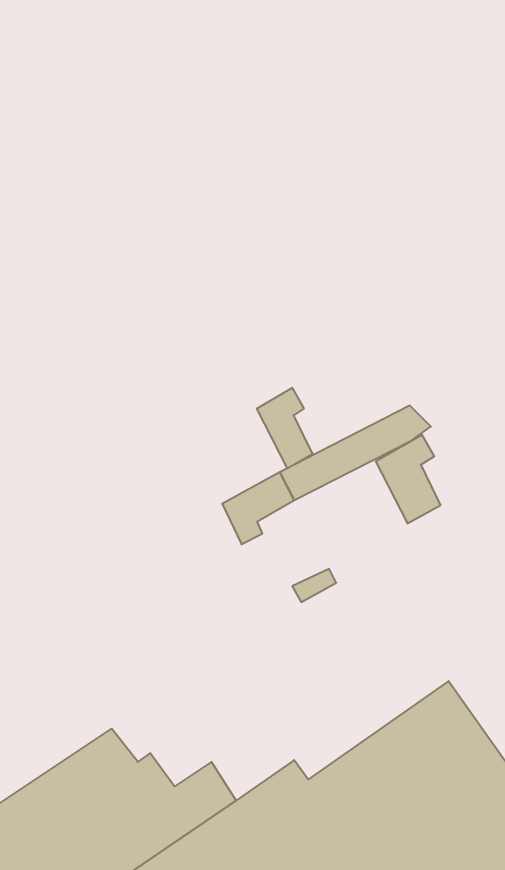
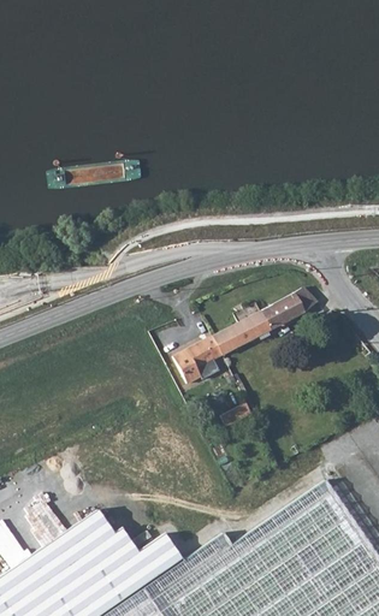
building: [257,388,313,468] -> none
building: [376,435,440,524] -> none

